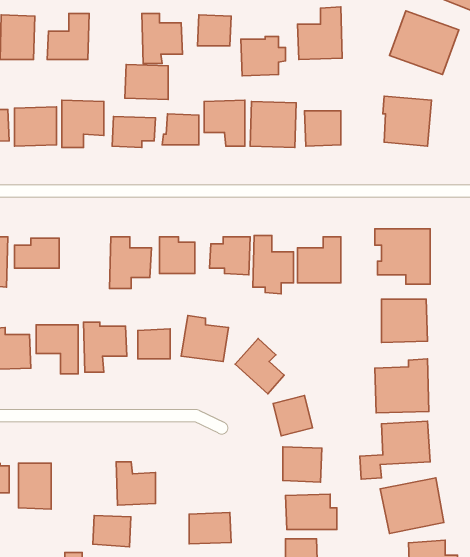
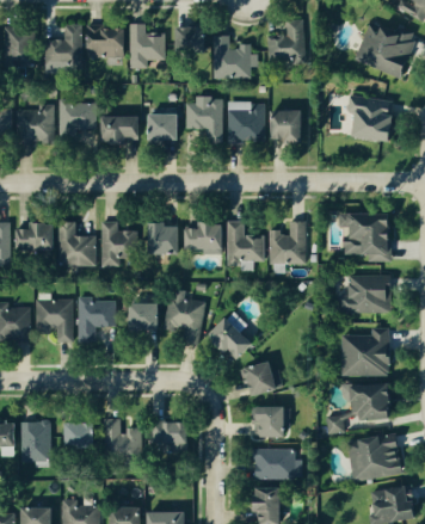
building: [125,64,168,100] -> [90,25,128,56]
building: none -> [60,221,97,265]
building: [189,513,231,544] -> [154,421,191,449]
building: [93,516,131,547] -> [67,421,100,449]

